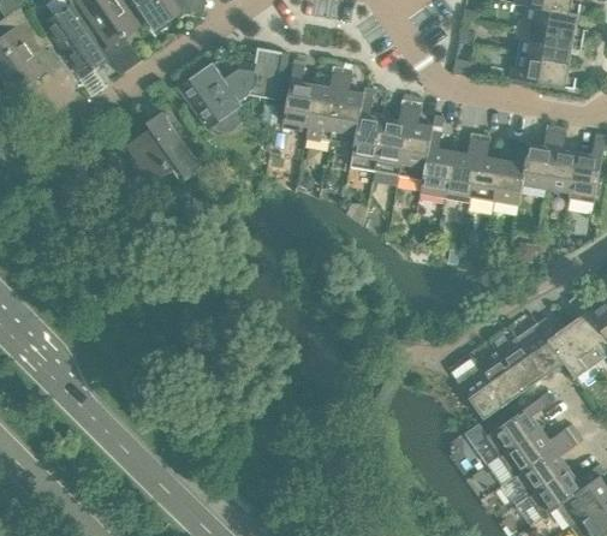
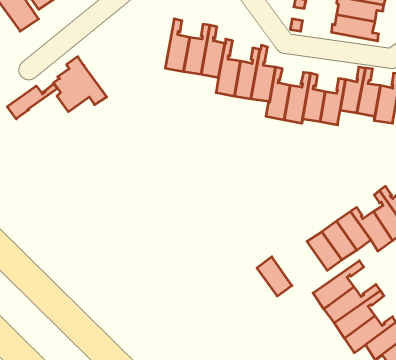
building: [177,48,288,133] -> none
building: none -> [7,84,57,119]
building: [456,365,504,419] -> [257,257,292,296]

